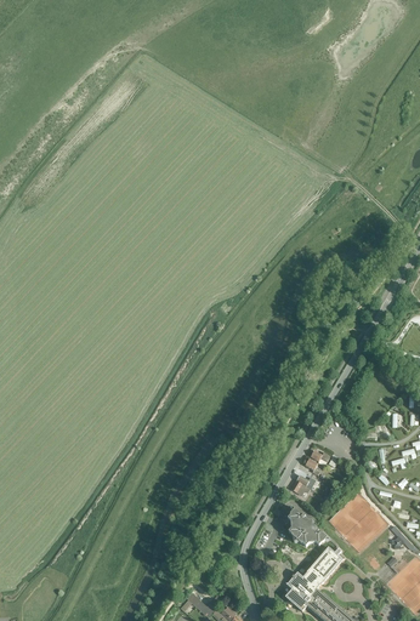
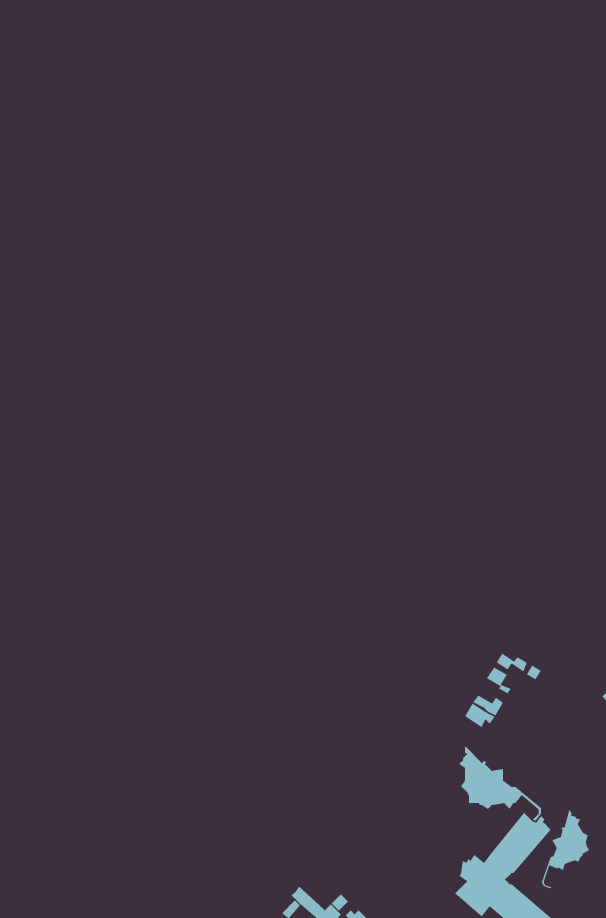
building: none -> [541,809,590,890]

